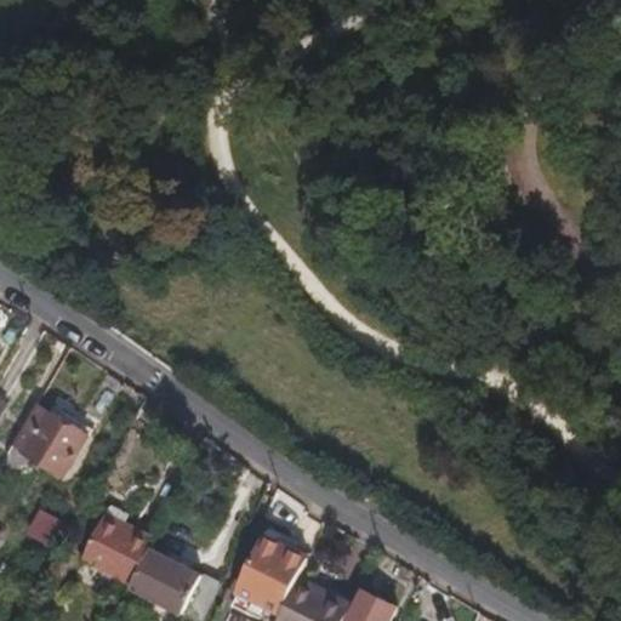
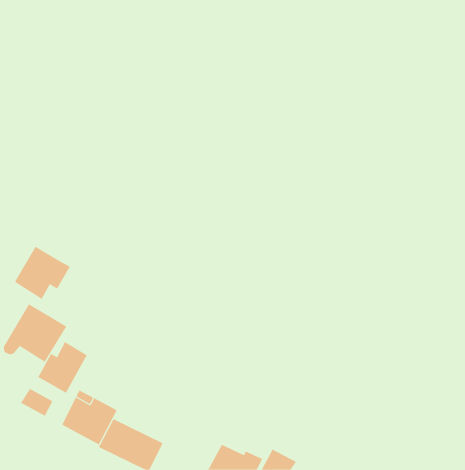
building: none -> [14,246,70,300]
building: none -> [37,341,87,394]
building: [233,536,307,615] -> none

